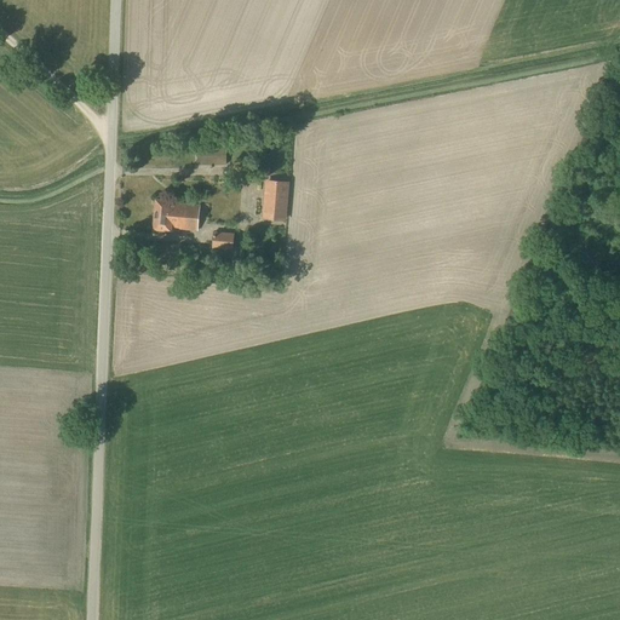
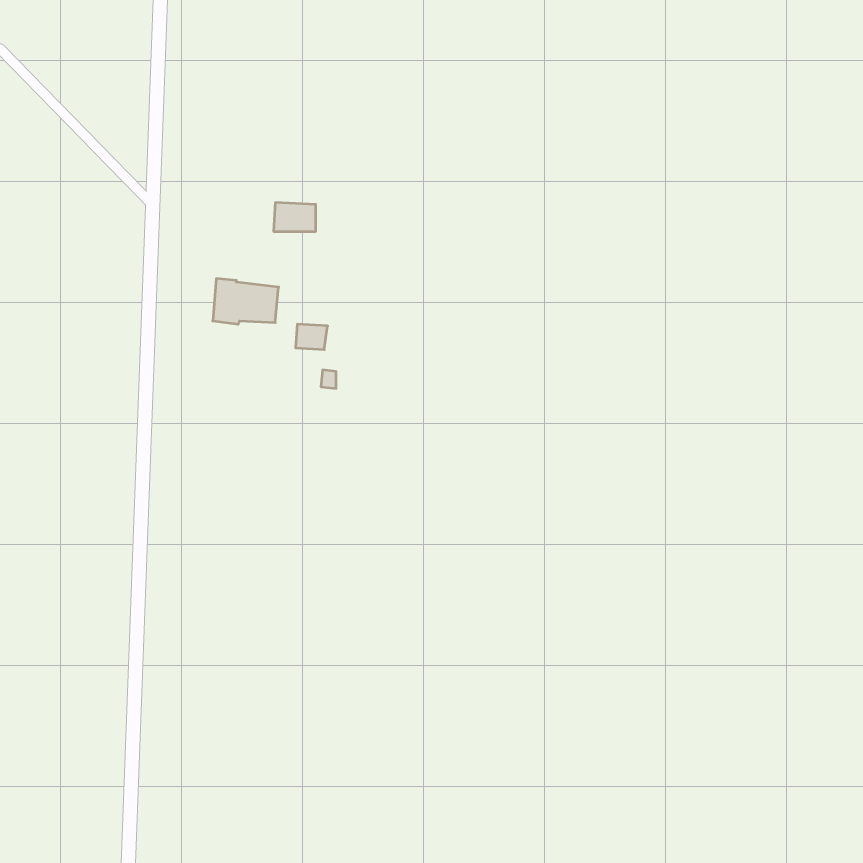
building: [262,180,289,222] -> none

